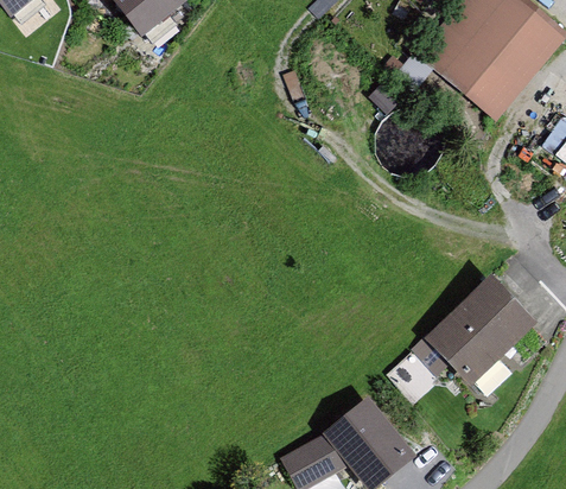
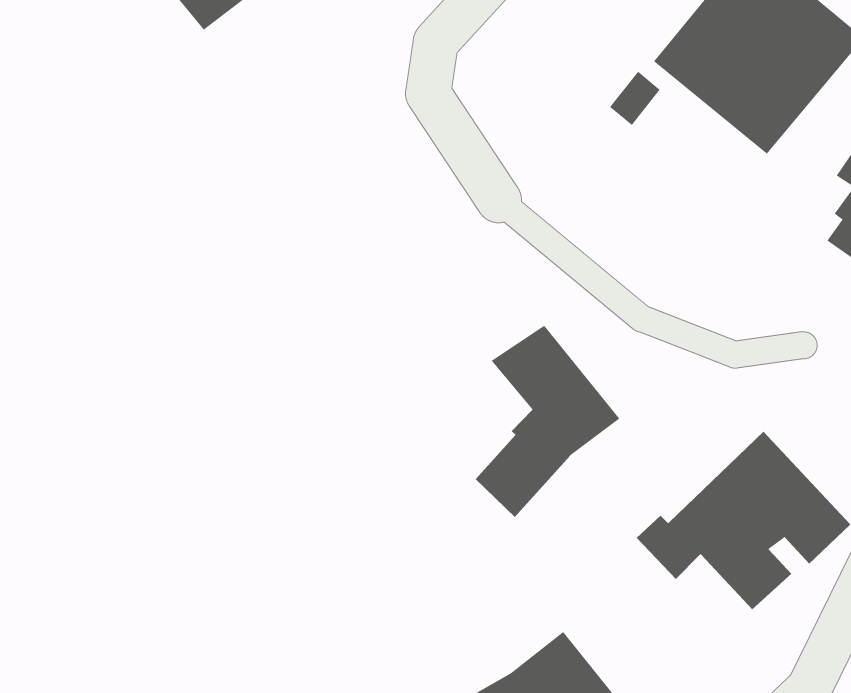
building: none -> [475,325,620,518]

